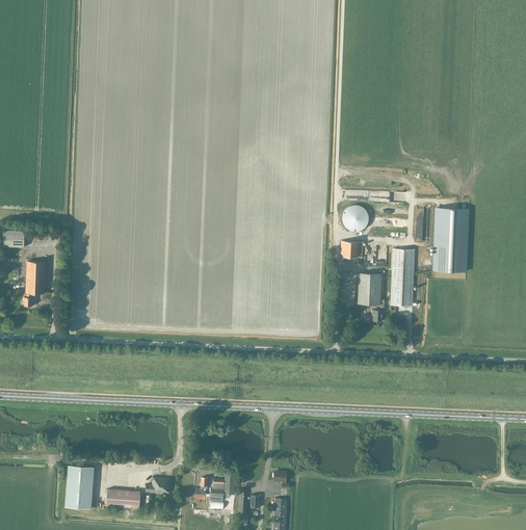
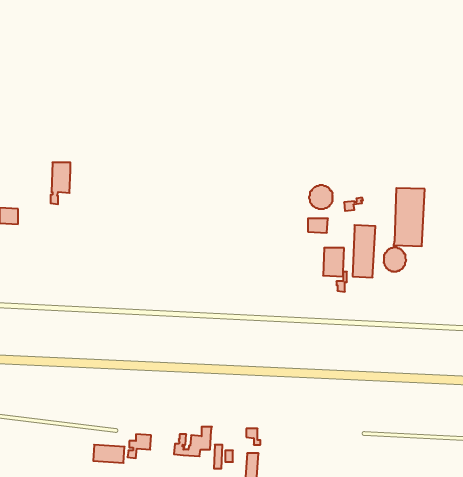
building: [24,261,46,307] -> [51,162,70,204]
building: none -> [384,247,406,272]
building: [64,465,94,508] -> none

